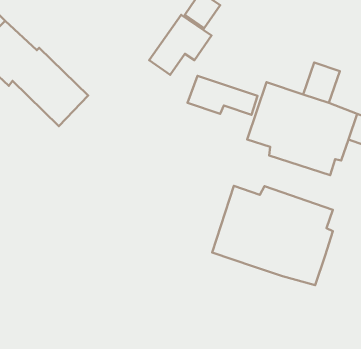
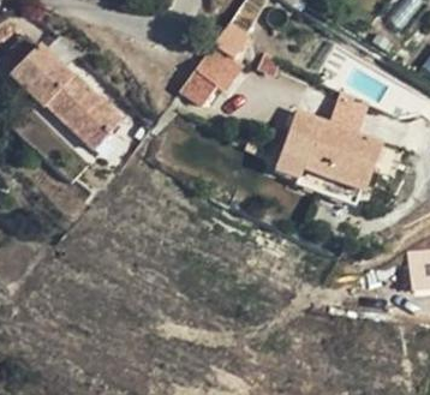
building: [188,76,258,115] -> none
building: [212,186,333,285] -> none

